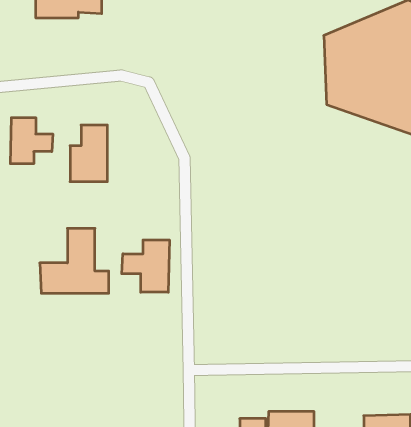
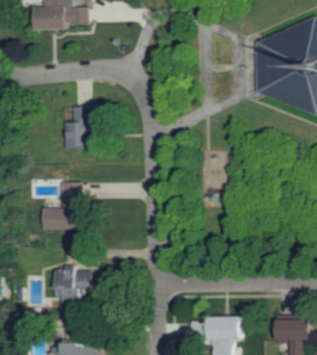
building: [10,118,53,164] -> none
building: [122,240,169,292] -> none
building: none -> [52,267,92,310]

